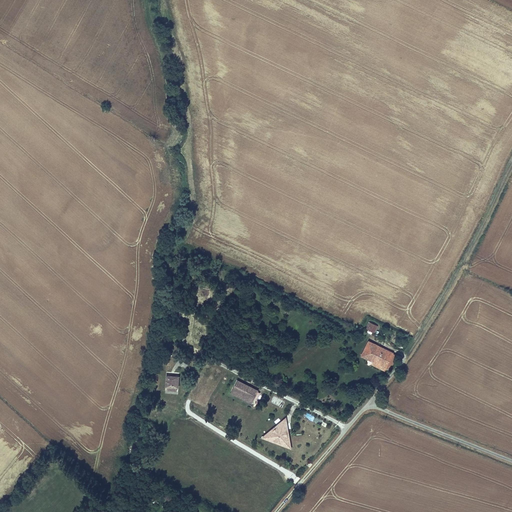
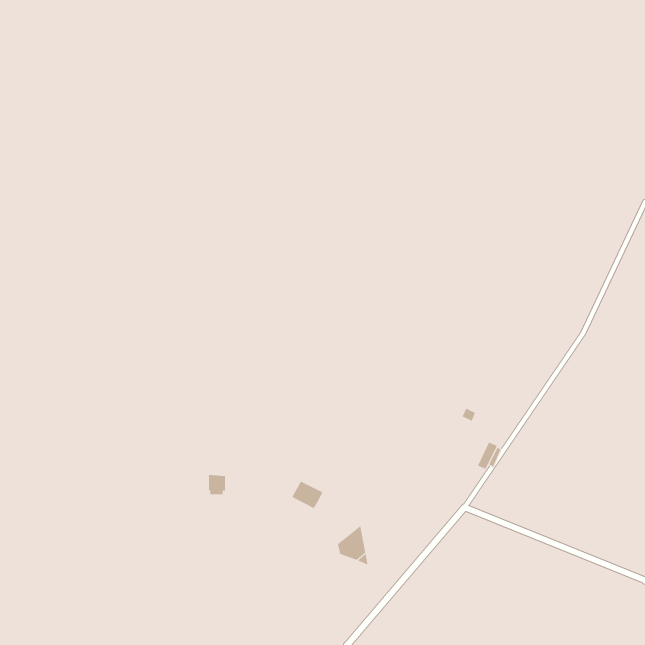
building: [361,341,387,369] -> none

